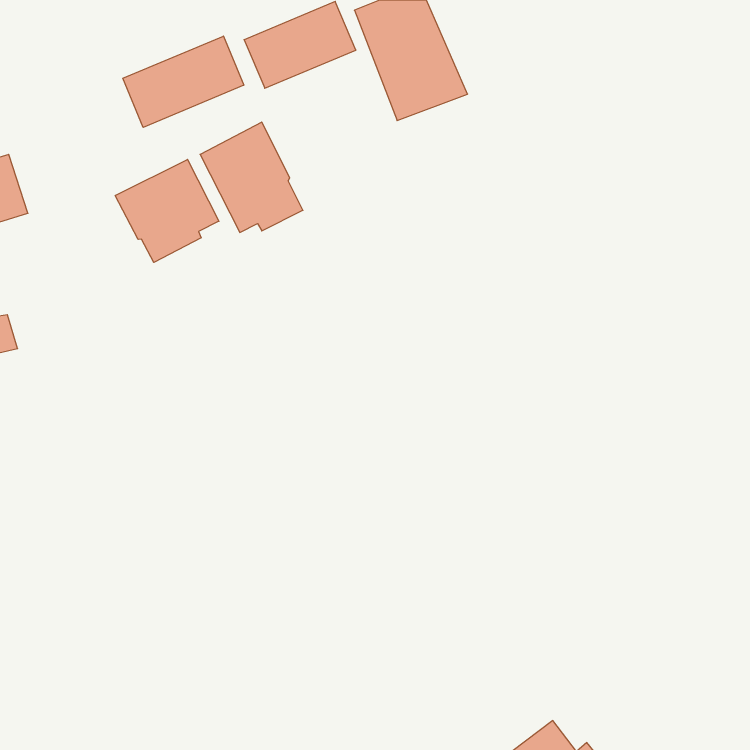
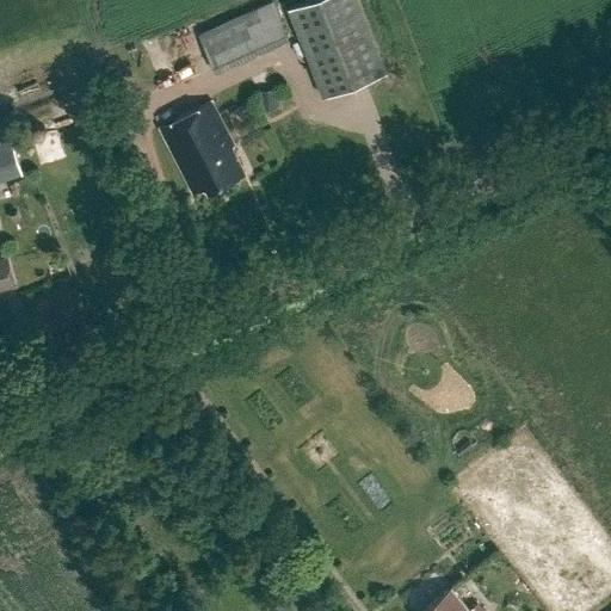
building: [123,36,244,127] -> none
building: [115,159,219,262] -> none

